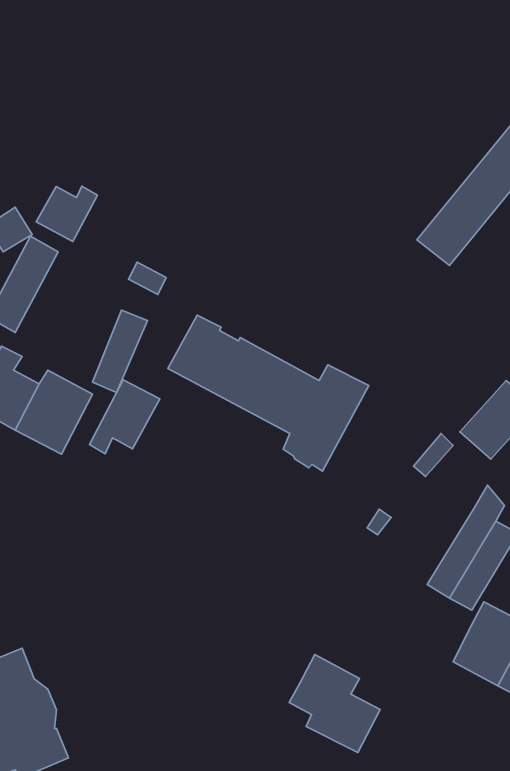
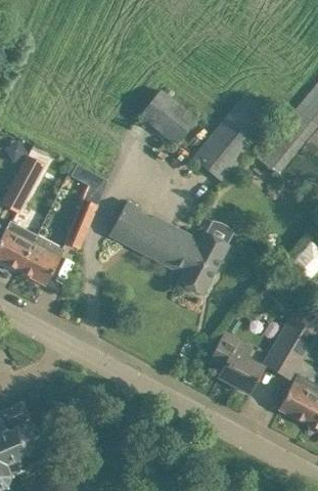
building: none -> [140,90,197,145]
building: none -> [193,94,275,182]
building: [36,186,97,241] -> none
building: [90,380,160,454] -> none
building: [289,655,380,752] -> [209,334,263,393]

